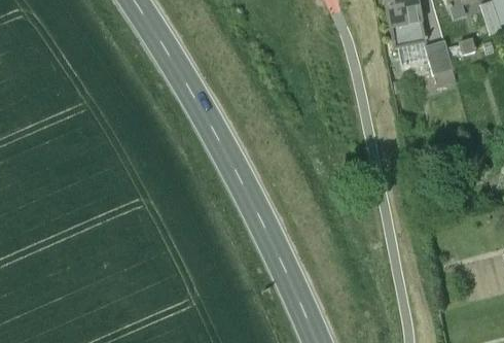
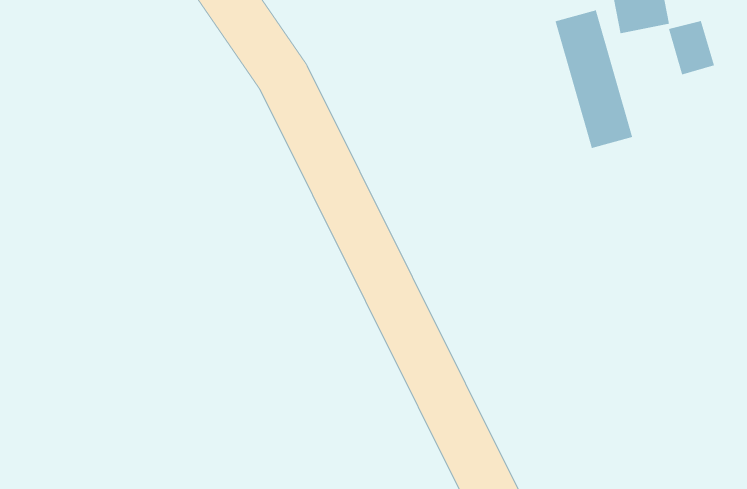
building: none -> [555,9,633,149]

